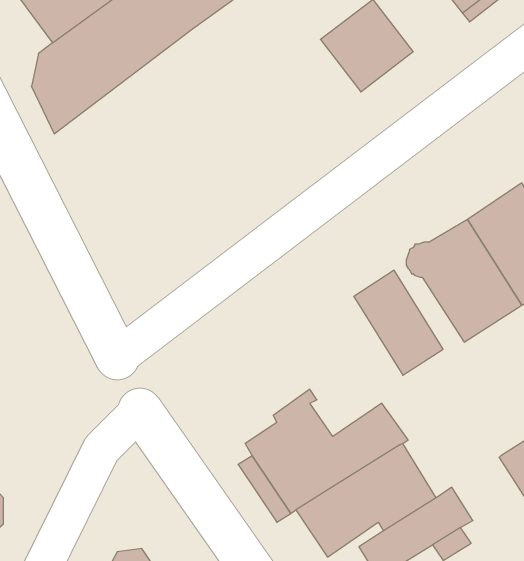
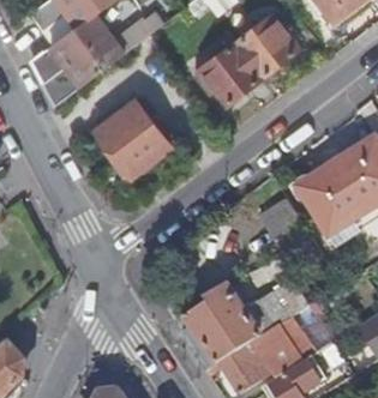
building: none -> [200,40,264,104]
building: none -> [96,98,173,176]

